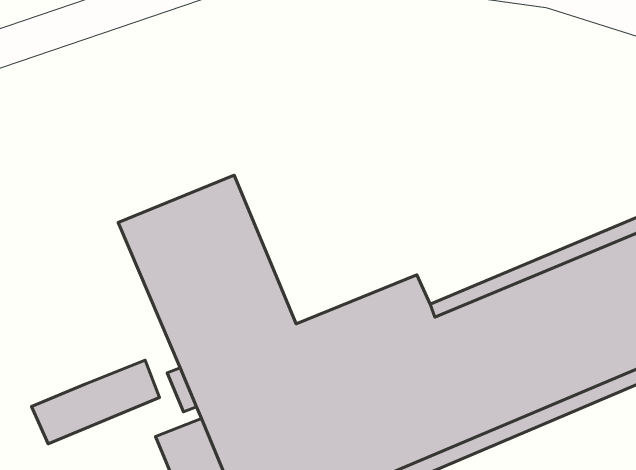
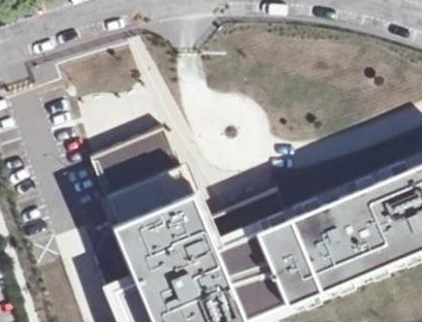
building: [32,360,160,444] -> none

